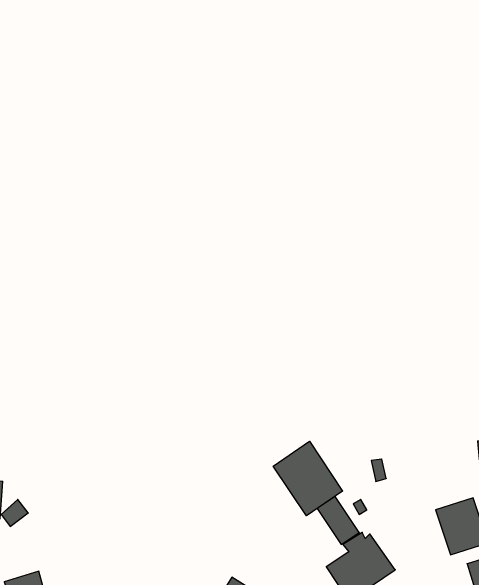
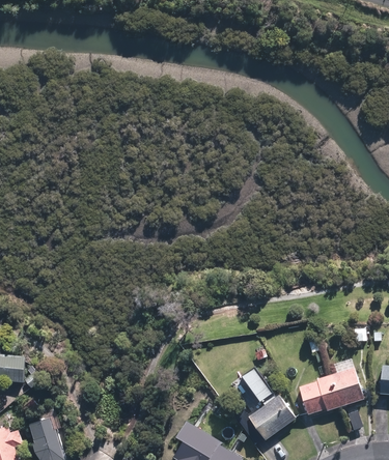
building: [273,441,343,516] -> none
building: none -> [297,376,336,415]

